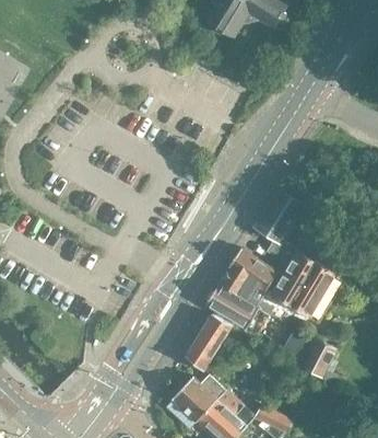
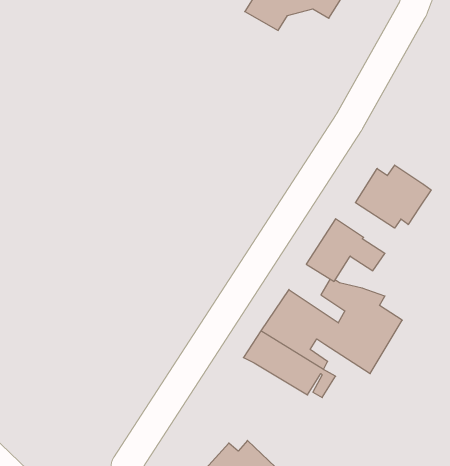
building: none -> [355,165,431,228]
building: [185,315,231,372] -> none
building: [302,339,335,380] -> none

